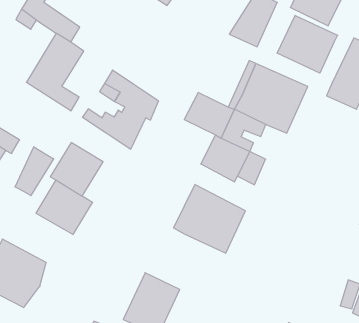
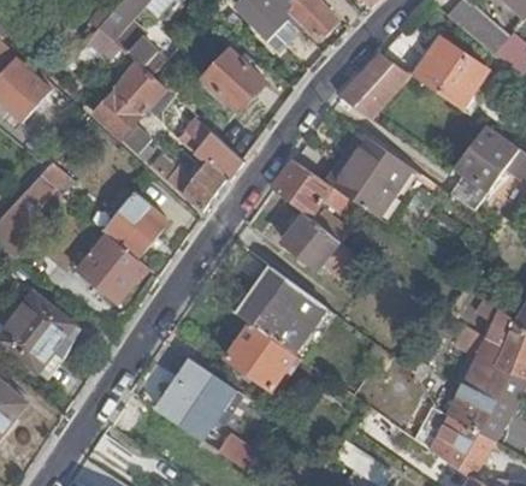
building: none -> [202,48,266,111]
building: [277,15,338,73] -> none
building: [15,147,54,196] -> none
building: none -> [225,322,295,389]

